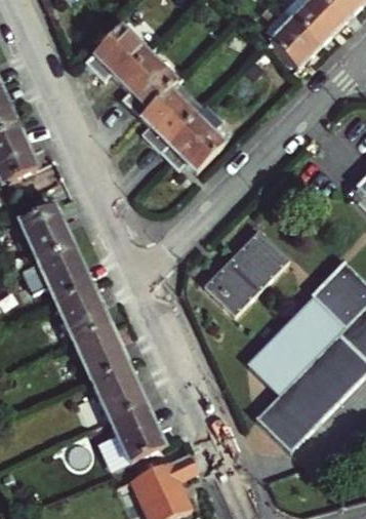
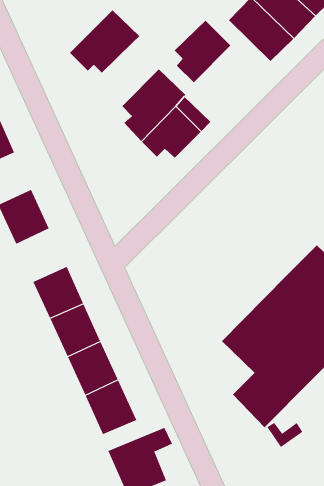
building: [124,51,184,117] -> [174,20,231,83]
building: [206,228,293,316] -> none
building: [35,244,88,300] -> none

